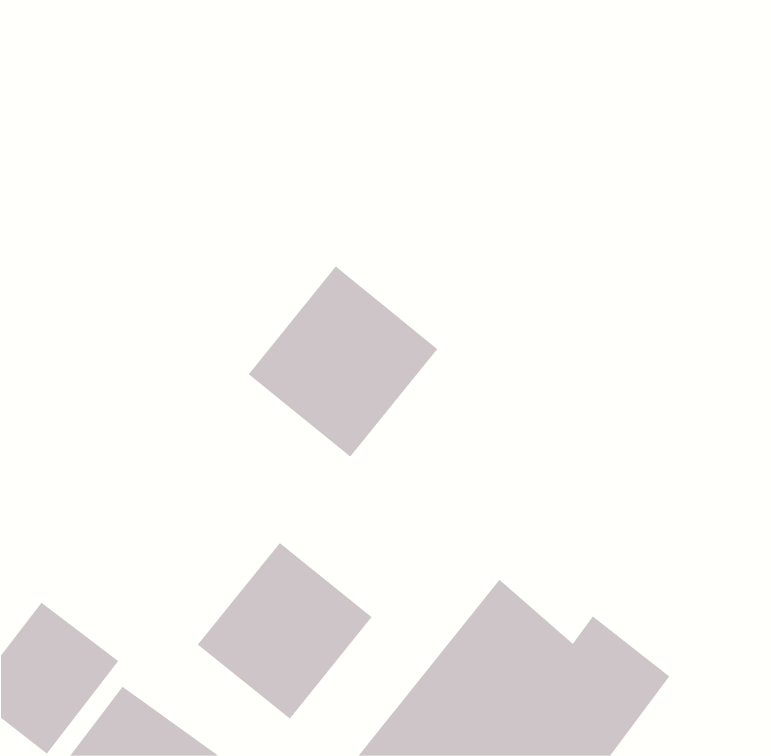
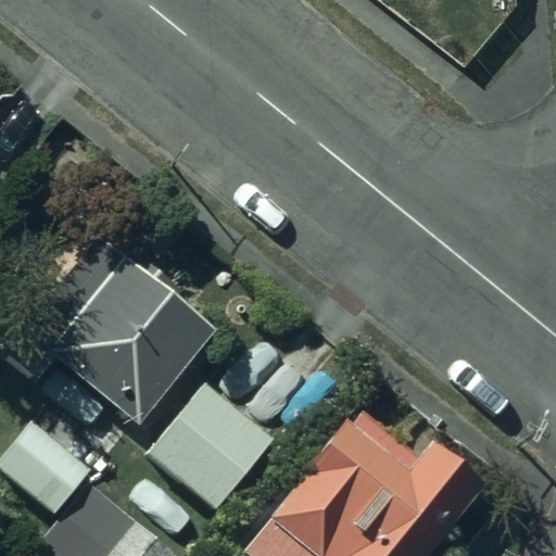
building: [248,266,438,458] -> none
building: none -> [11,250,215,426]

